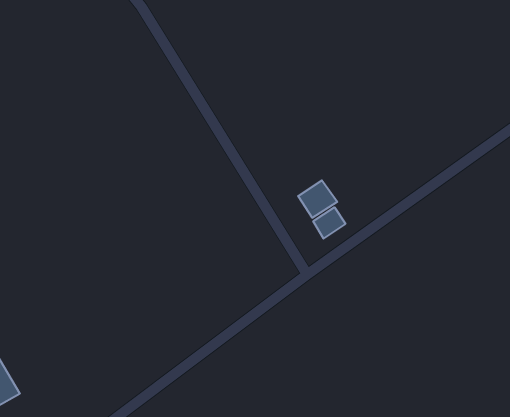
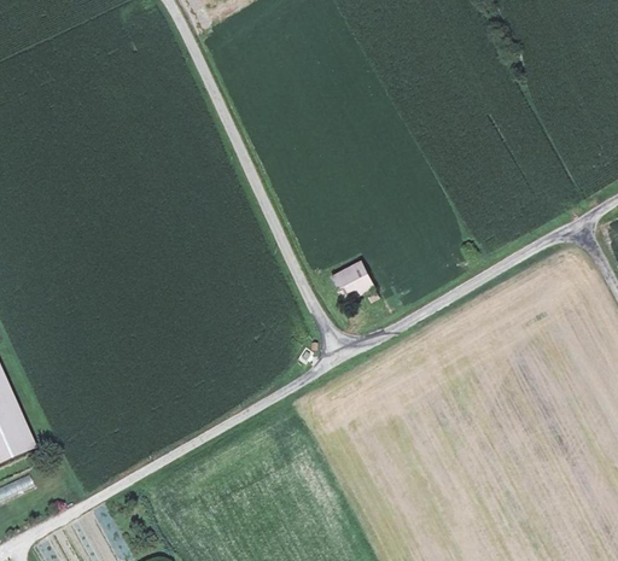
building: [313,207,345,239] -> none

